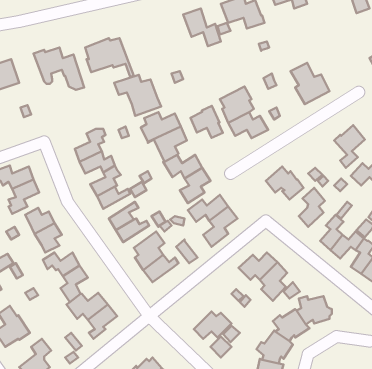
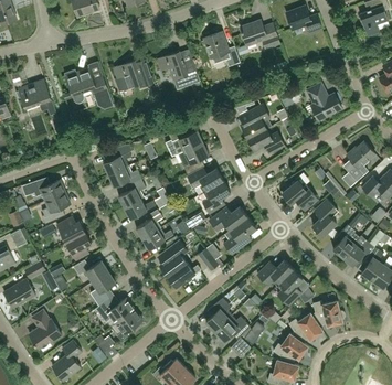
building: [114,75,161,116] -> [156,52,200,90]
building: [190,106,223,138] -> none
building: none -> [205,298,231,332]

